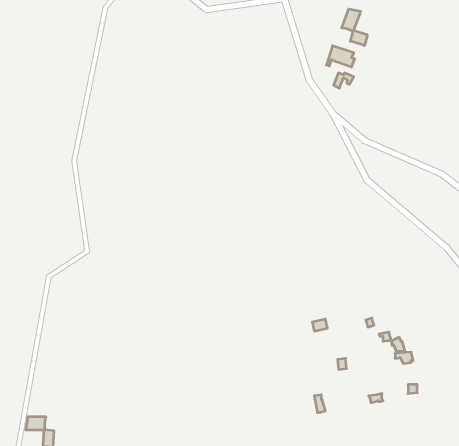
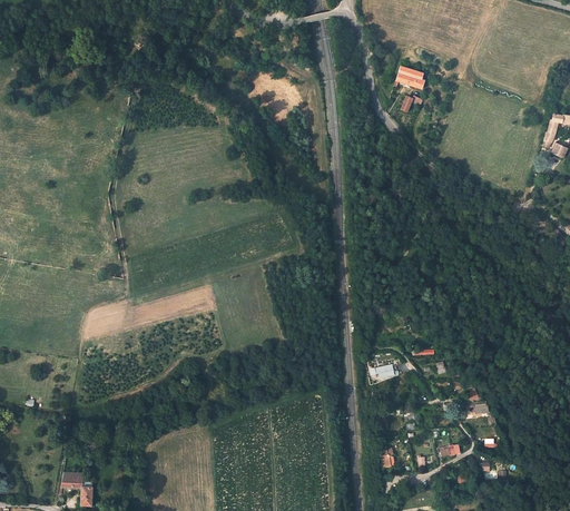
building: [342,9,367,46] -> none

